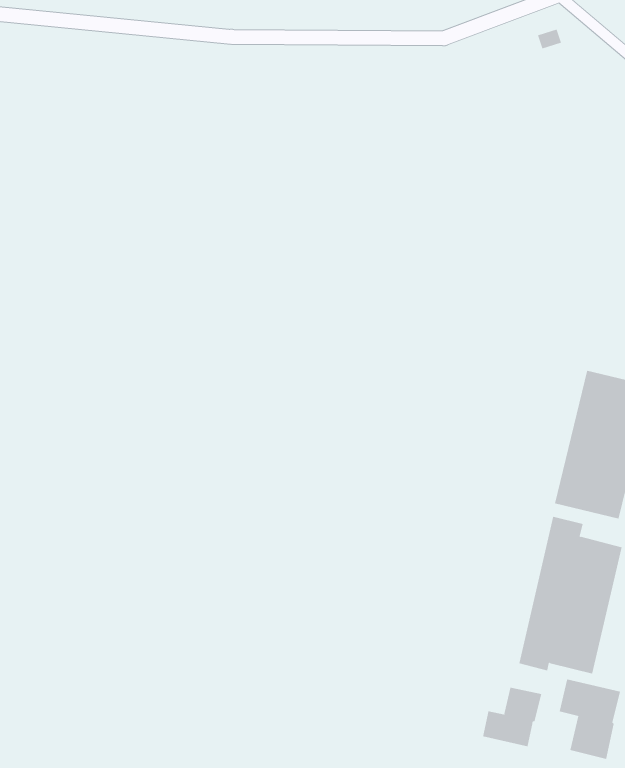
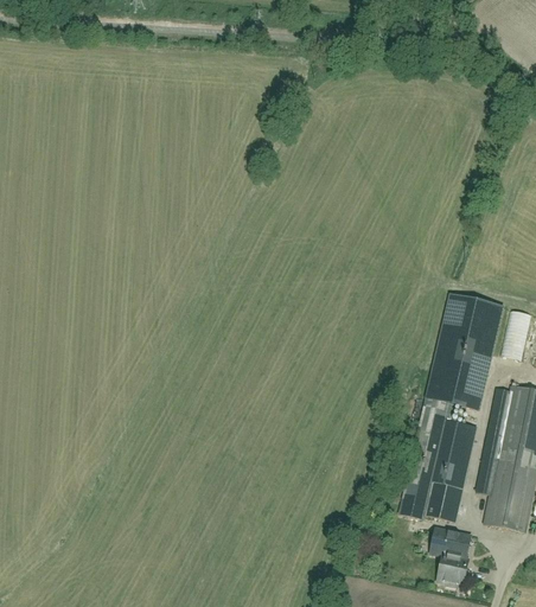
building: [482,687,542,747] -> none

